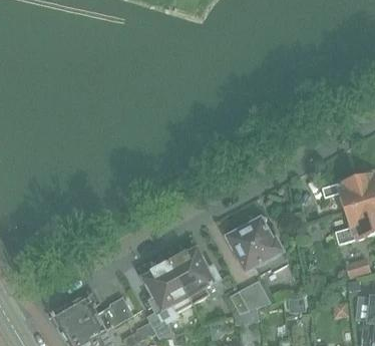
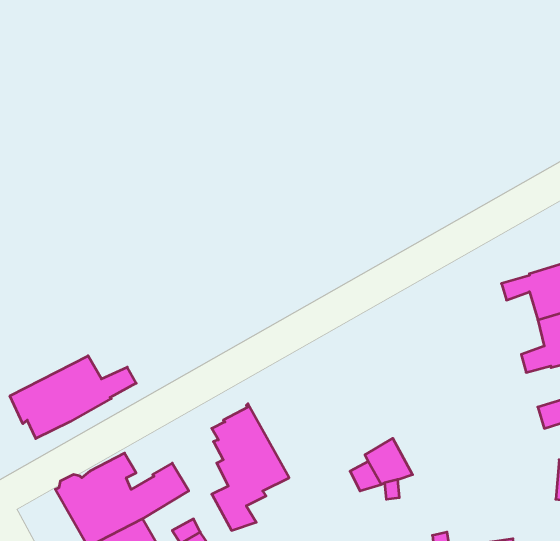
building: [228,213,283,269] -> none
building: none -> [10,356,136,439]
building: [168,248,225,305] -> none

